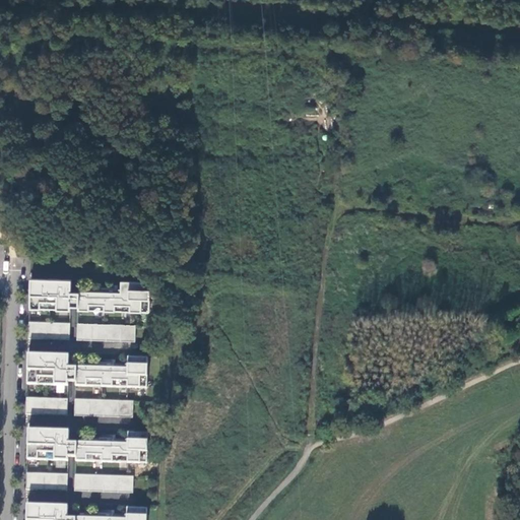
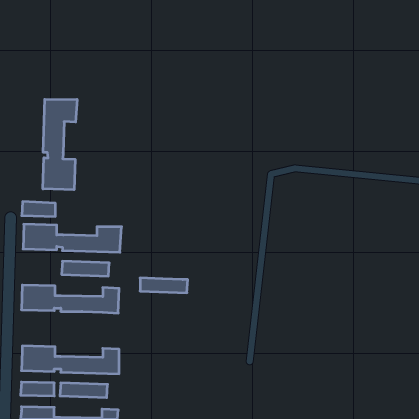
building: none -> [43,99,77,190]
building: [27,321,69,339] -> [22,202,55,216]
building: [25,396,67,414] -> none
building: [74,398,133,416] -> [140,278,188,293]

